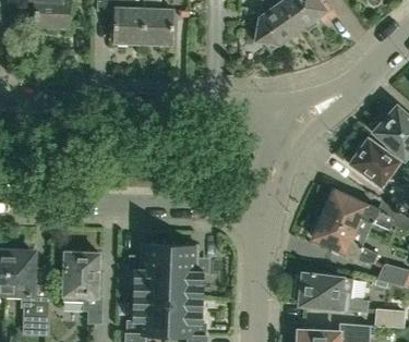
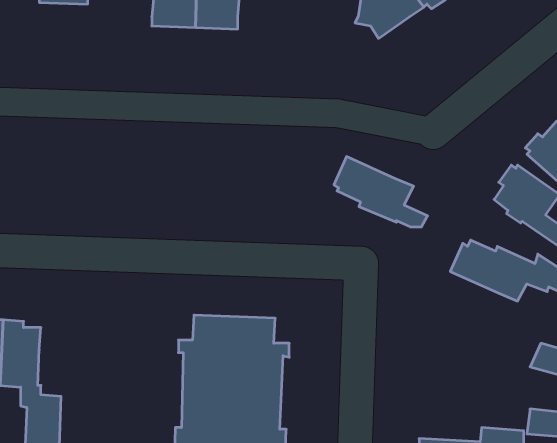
building: [311,213,376,262] -> [334,157,428,227]
building: [62,249,103,325] -> none
building: [292,271,366,312] -> none

